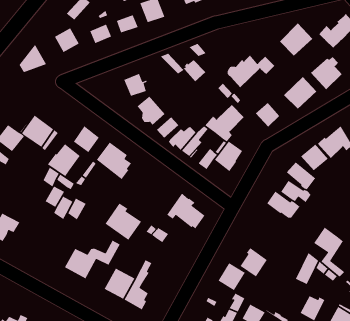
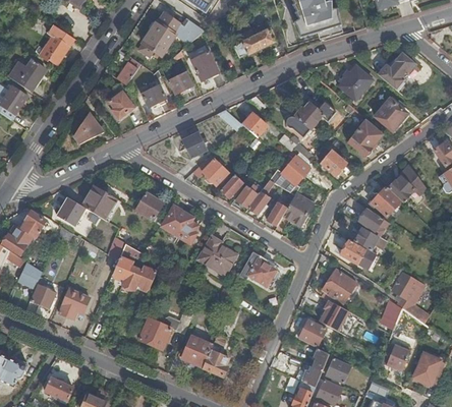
building: [47,143,81,177] -> none
building: [104,203,142,241] -> [199,234,237,273]
building: none -> [324,271,357,304]

